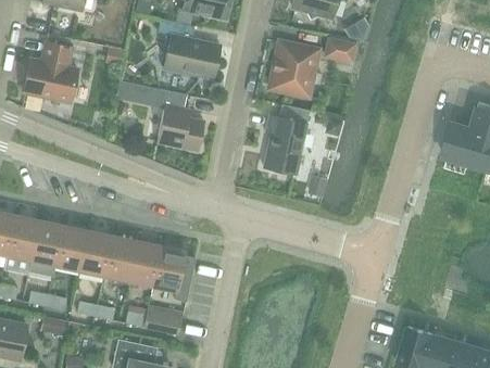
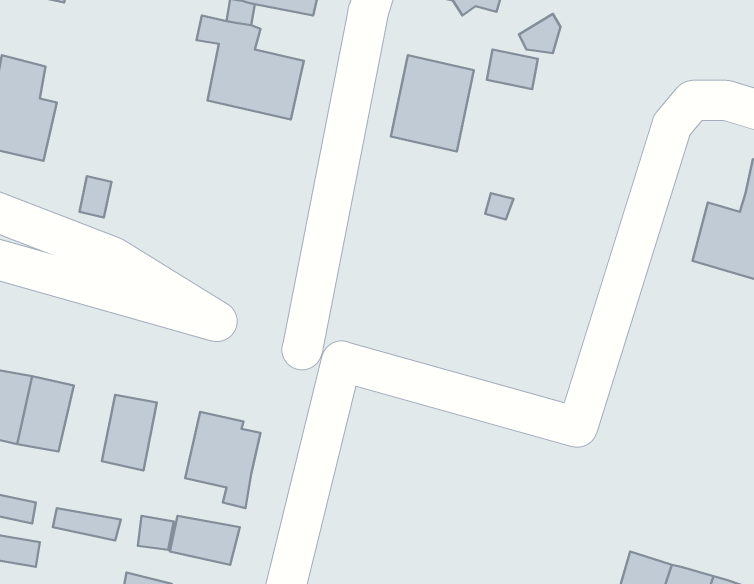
building: [114,79,203,150] -> none
building: [263,105,309,174] -> none
building: [78,231,111,275] -> none
building: [127,241,160,284] -> none

